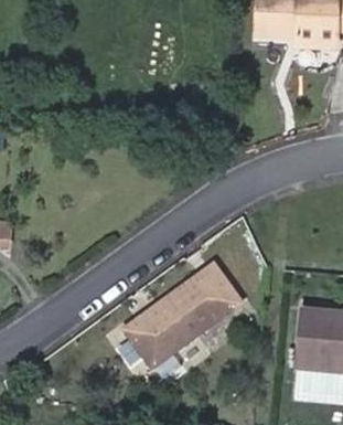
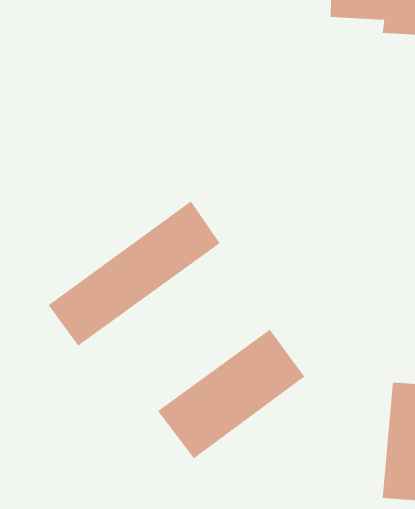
building: none -> [48,201,220,346]

